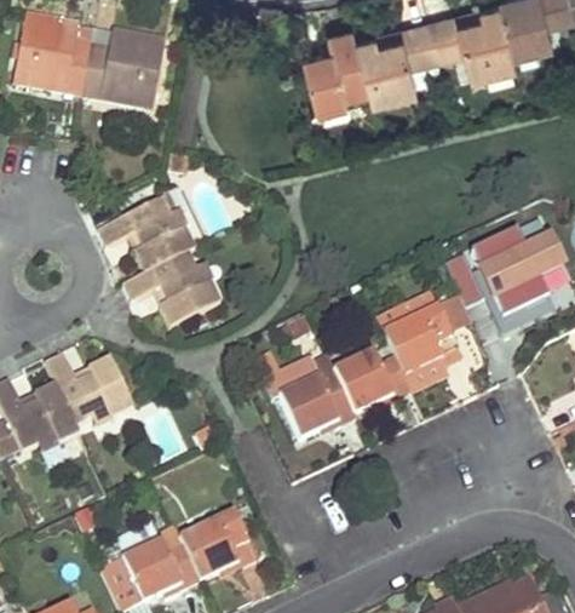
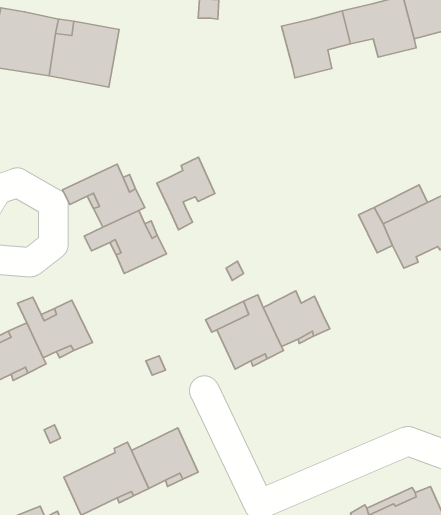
building: [304,24,369,110] -> none
building: none -> [157,157,215,230]
building: [375,291,472,393] -> none

